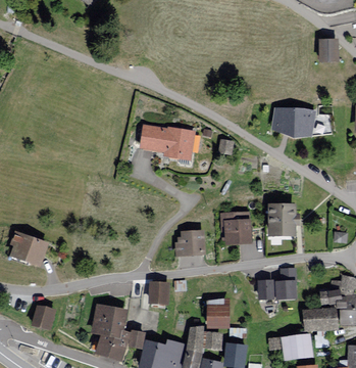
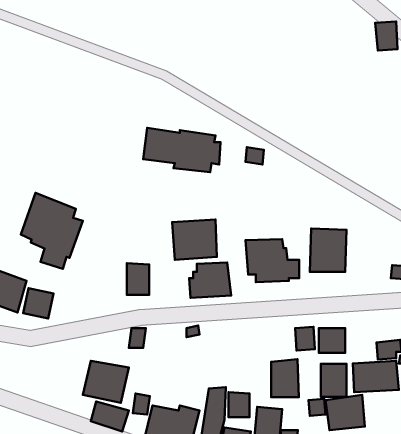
building: [269,106,332,131] -> none
building: none -> [21,193,83,269]
building: none -> [172,219,217,260]
building: [149,282,166,307] -> [127,263,149,295]
building: [208,297,230,327] -> [271,359,299,397]
building: [33,306,56,329] -> [23,288,53,318]
building: none -> [321,364,346,397]

